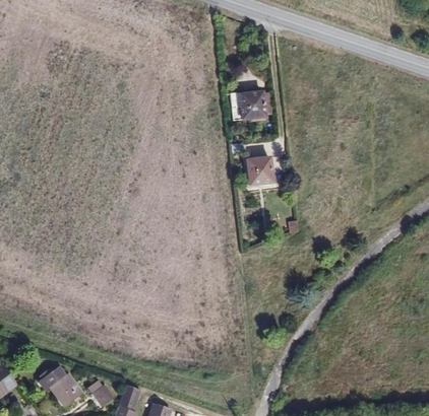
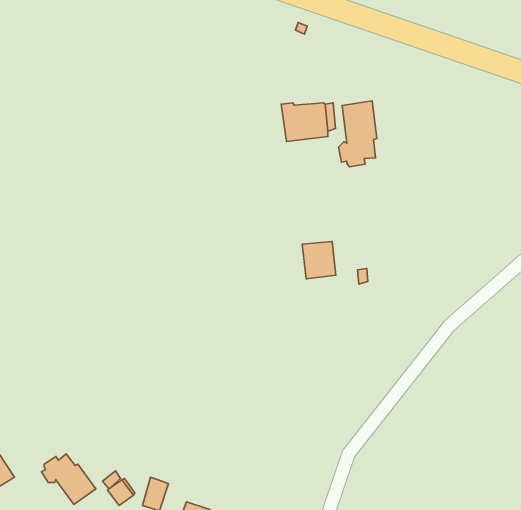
building: none -> [338,101,377,167]
building: [245,157,271,187] -> [302,241,336,279]

